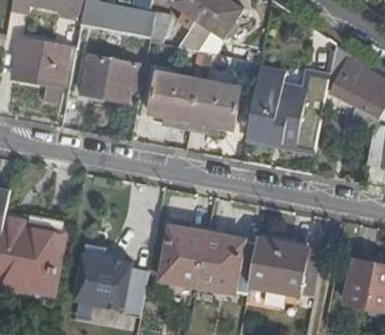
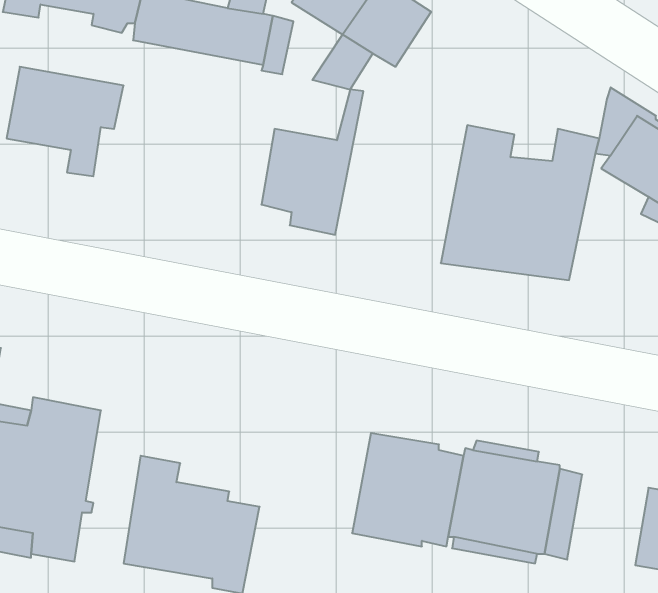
building: [188,50,239,132] -> none
building: [80,52,138,100] -> none
building: [162,226,207,286] -> none

